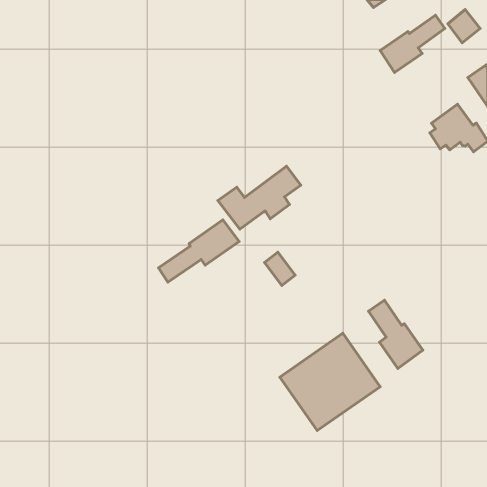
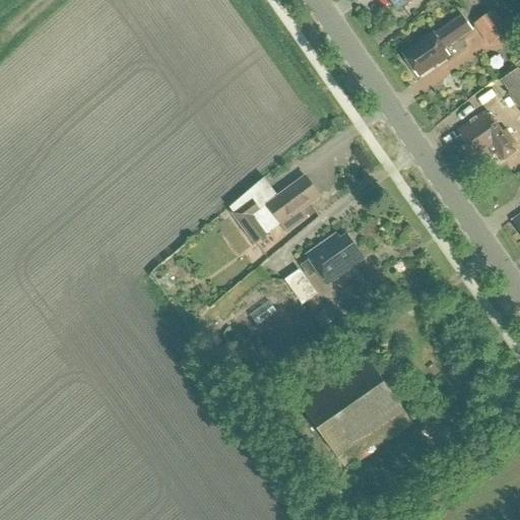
building: none -> [297,230,362,284]
building: [158,220,239,282] -> none
building: [369,300,423,369] -> none

